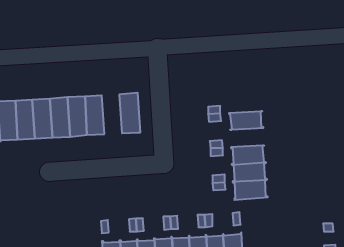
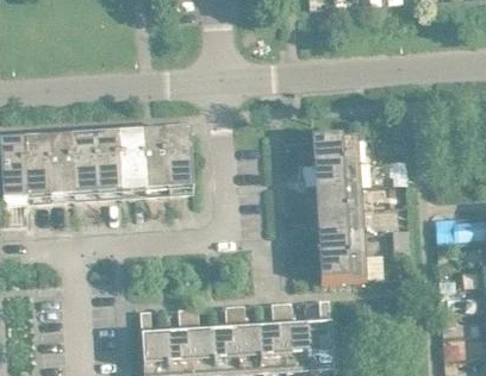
building: none -> [312,136,360,163]
building: none -> [142,138,169,192]
building: none -> [316,183,362,209]

